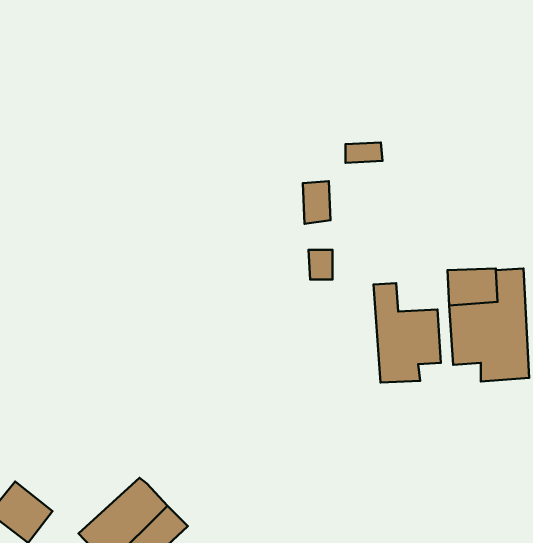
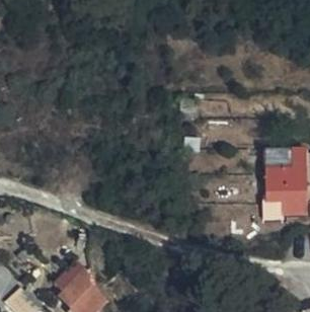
building: [373,283,441,383] -> none

